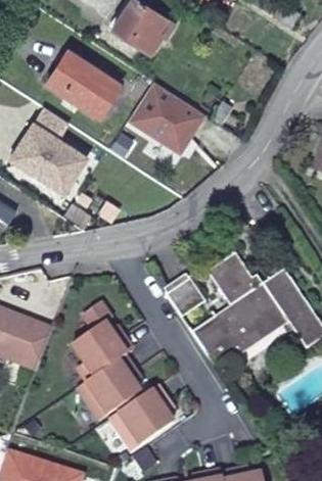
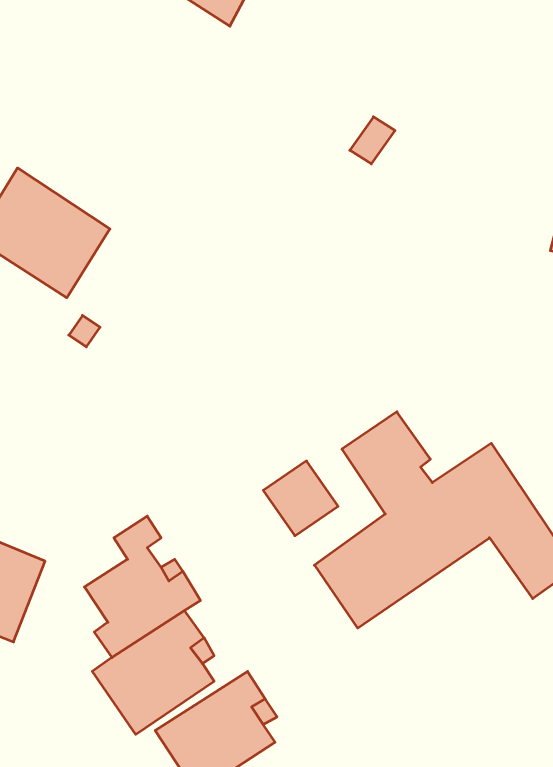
building: [46,49,120,115] -> none
building: [131,81,206,153] -> none

